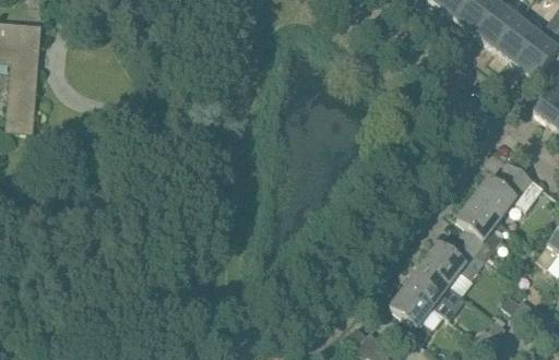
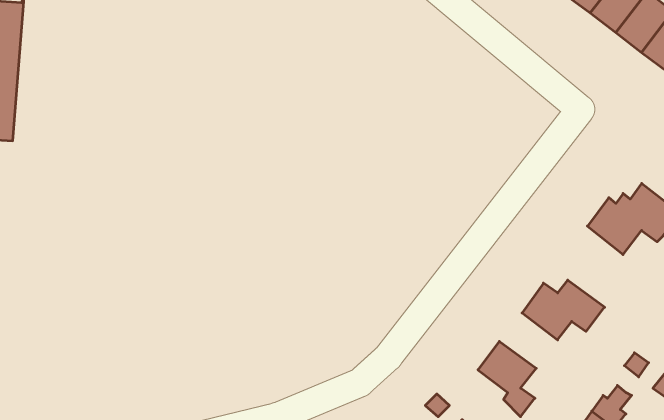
building: [454,196,502,259] -> none
building: [404,263,461,305] -> none

